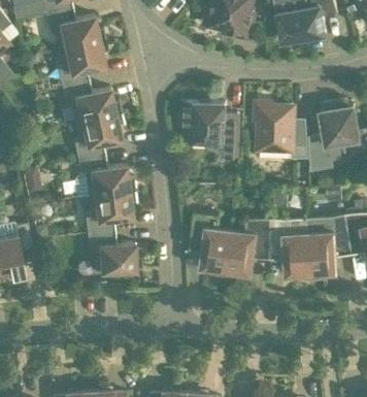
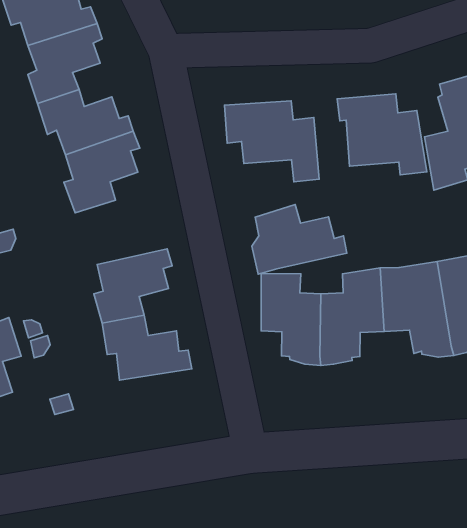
building: [74,156,135,198] -> [252,205,347,274]

